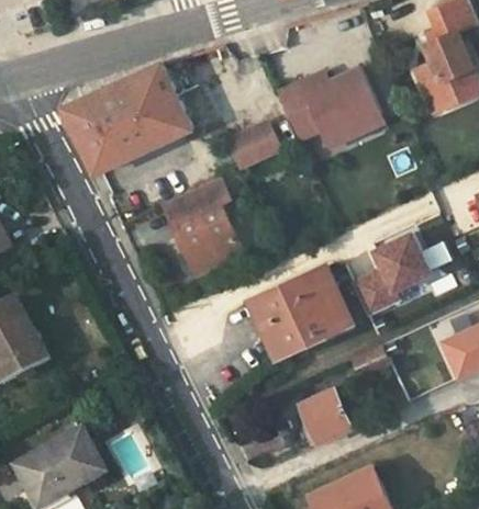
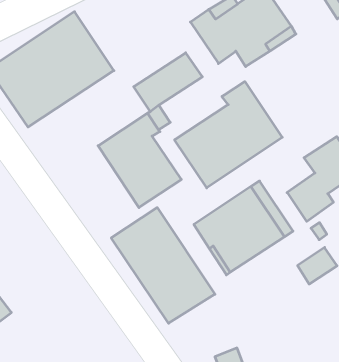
building: none -> [175,82,282,188]
building: none -> [111,208,215,323]
building: [300,388,352,442] -> none

